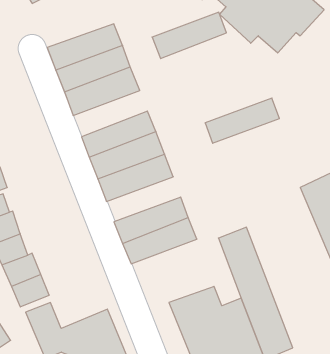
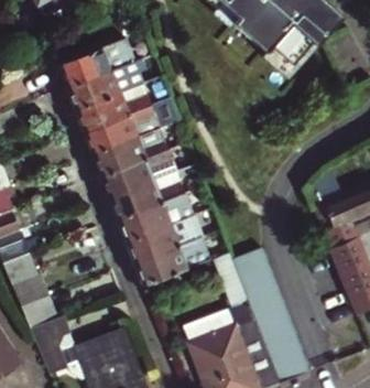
building: [152,12,226,59] -> [84,107,160,154]
building: [205,98,279,143] -> [118,195,194,241]

